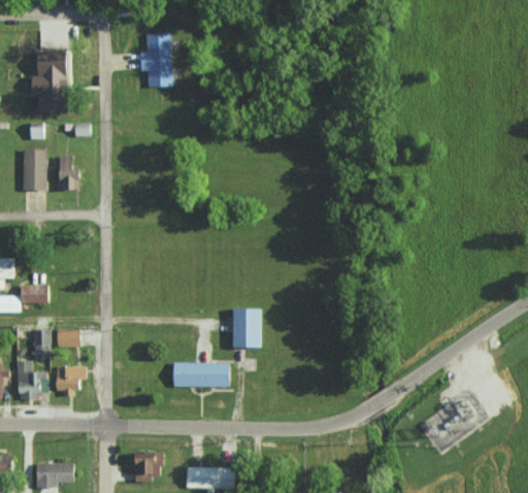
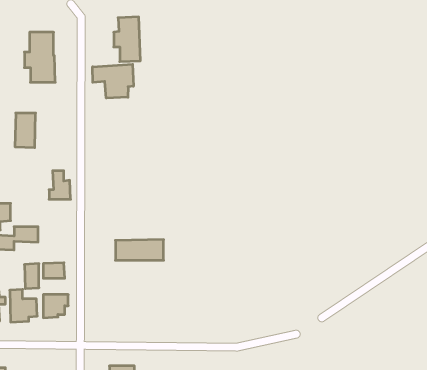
building: none -> [93,64,133,98]
building: [55,156,80,190] -> [49,171,71,199]
building: [233,308,262,347] -> none
building: [172,362,230,387] -> [115,240,164,260]

